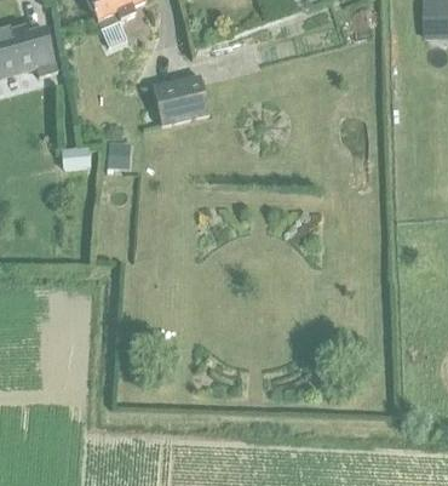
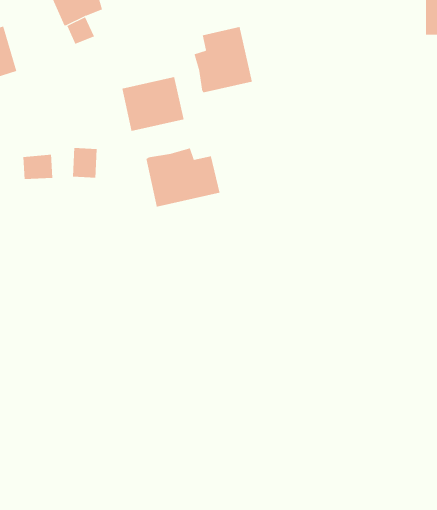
building: none -> [194,26,253,93]
building: none -> [146,147,220,207]

